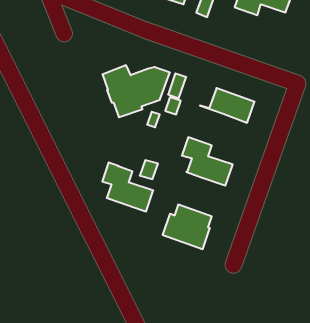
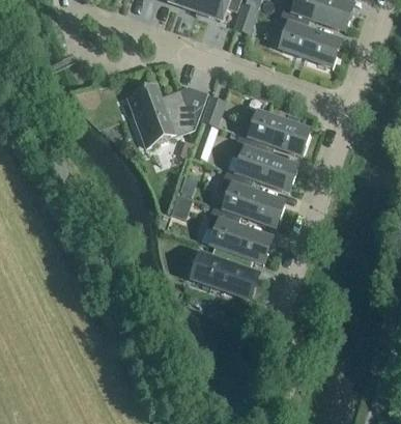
building: none -> [281,22,336,64]
building: none -> [229,134,292,189]
building: [102,162,153,212] -> [209,205,267,261]

